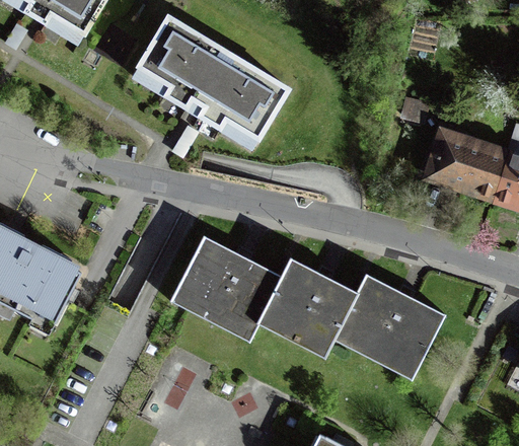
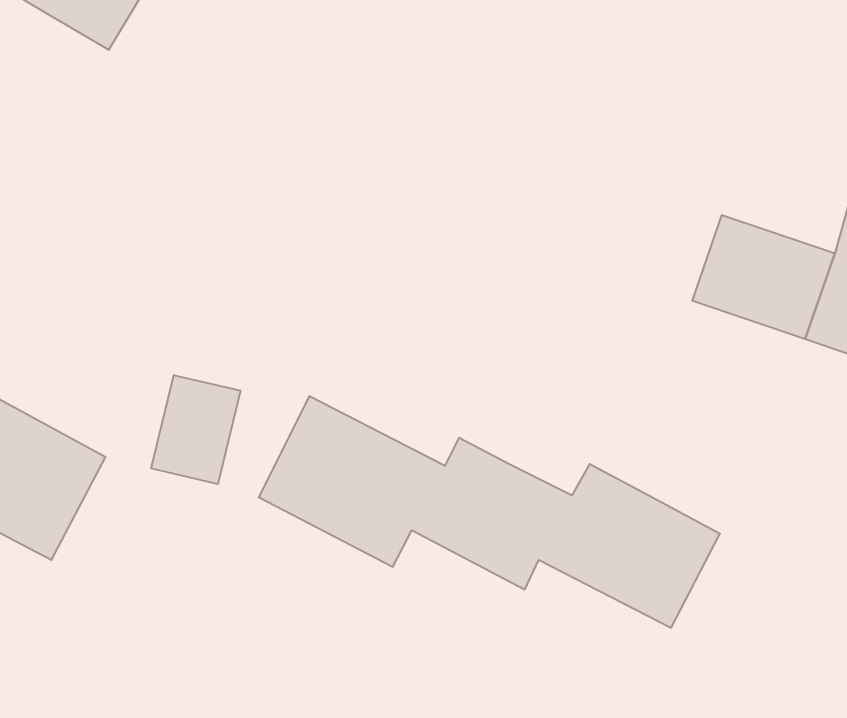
building: [137,15,284,135] -> none
building: none -> [151,375,240,484]

